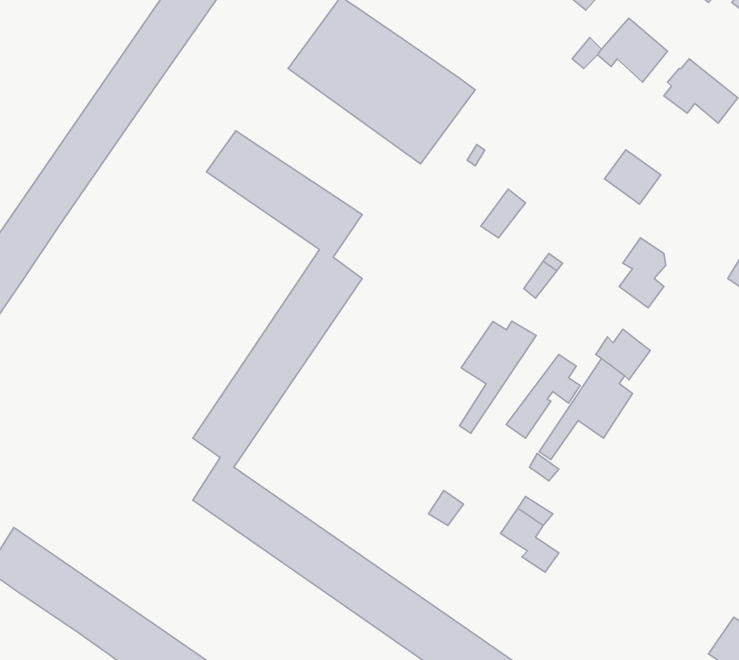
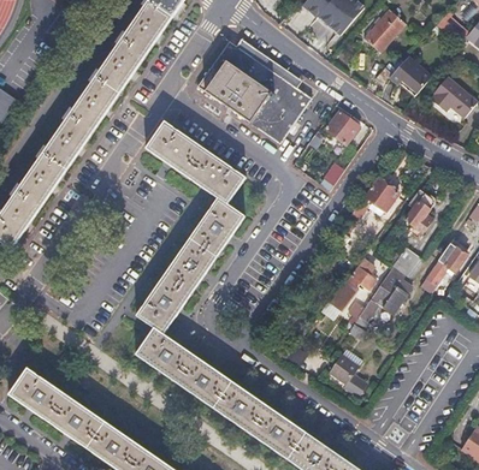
building: none -> [325,111,359,144]
building: [604,150,661,204] -> [362,175,397,209]
building: [459,321,536,433] -> none
building: none -> [419,243,466,292]

